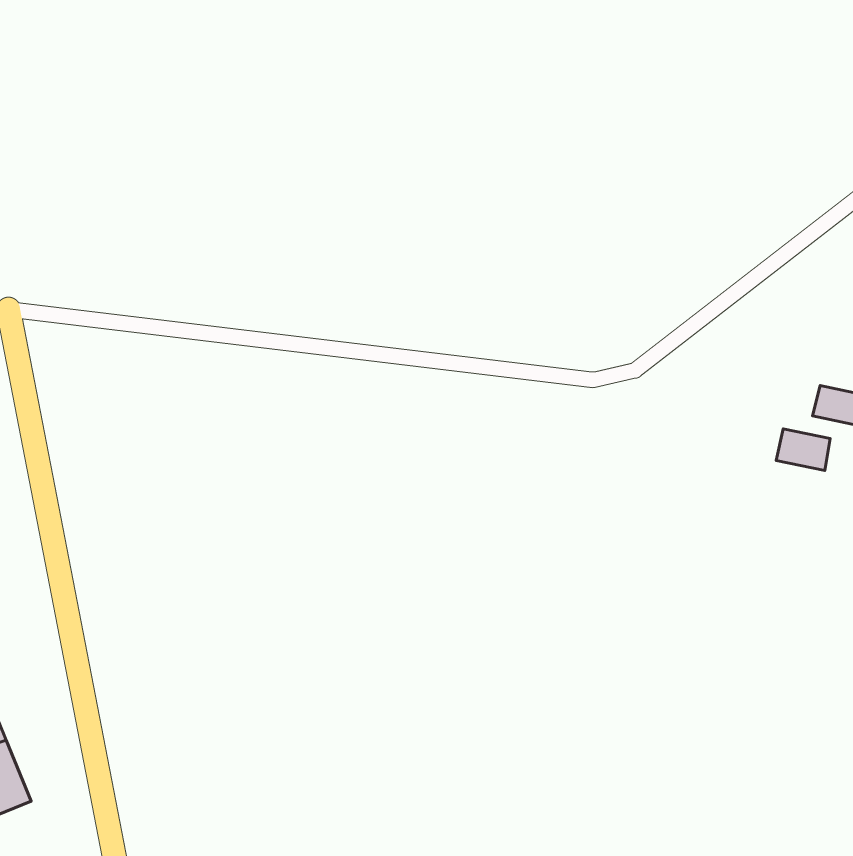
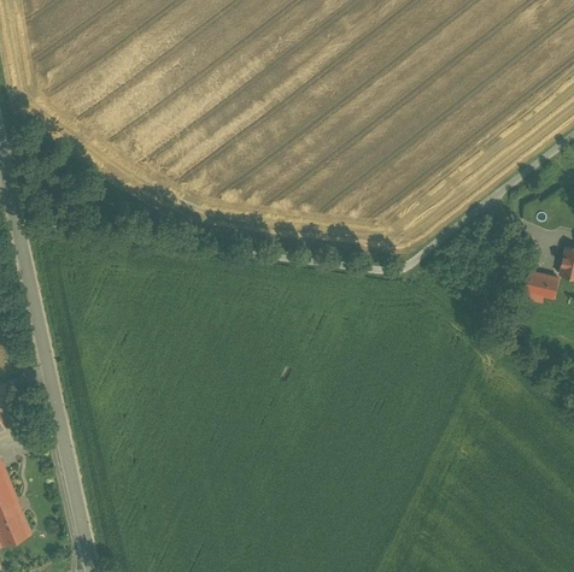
building: [776,429,830,471] -> none

